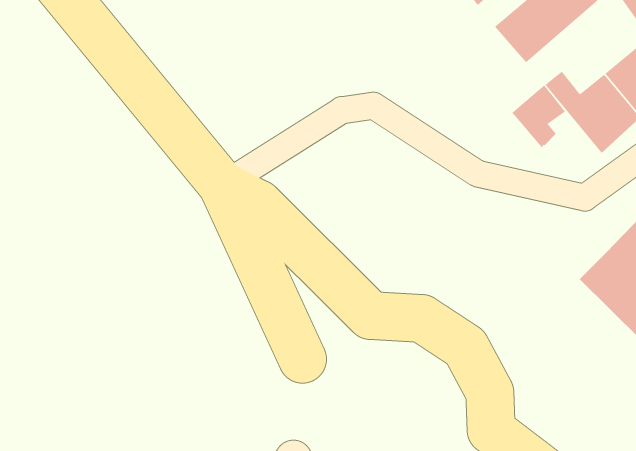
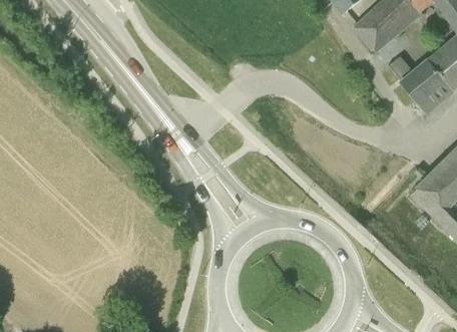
building: [511,84,566,149] -> none

